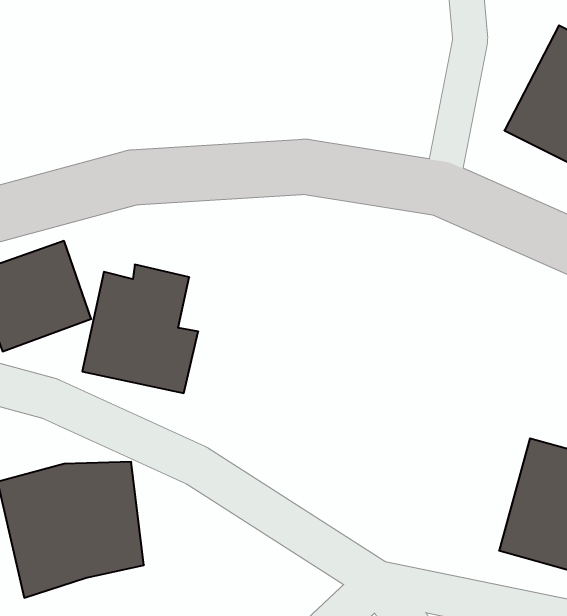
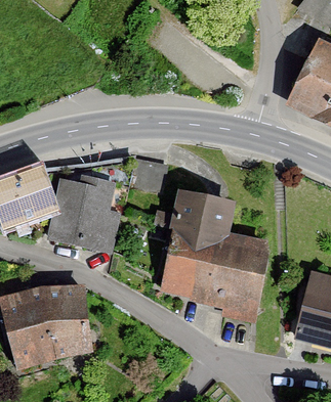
building: none -> [164,192,267,318]

